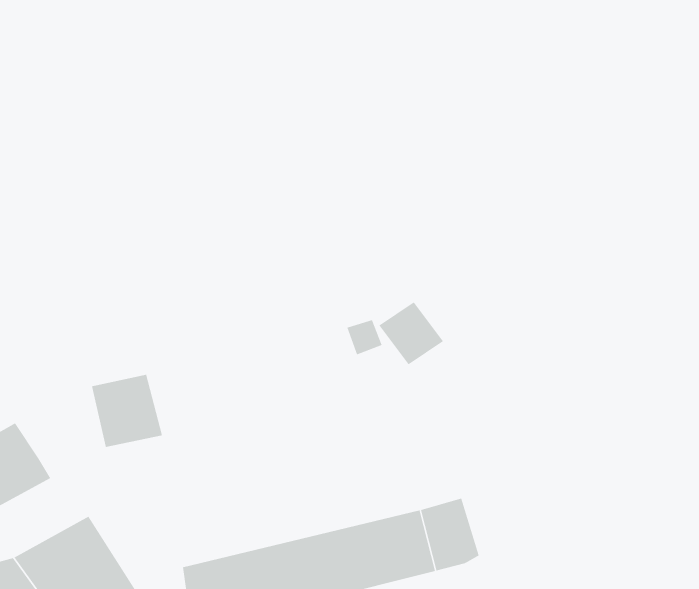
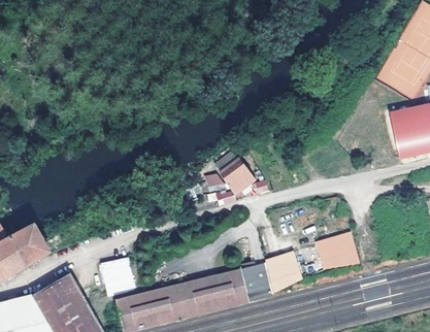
building: [91,374,163,448] -> [98,255,135,293]
building: none -> [315,228,360,268]
building: none -> [263,251,304,293]

